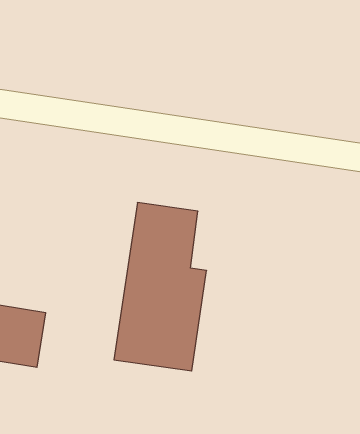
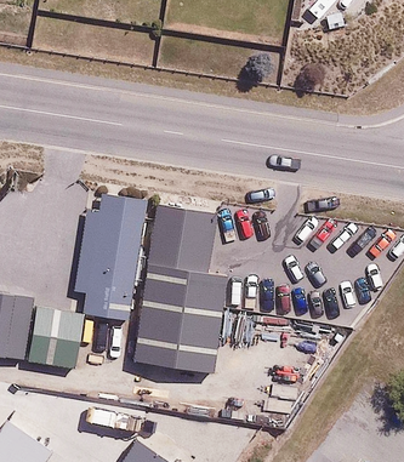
building: none -> [79,195,144,326]

